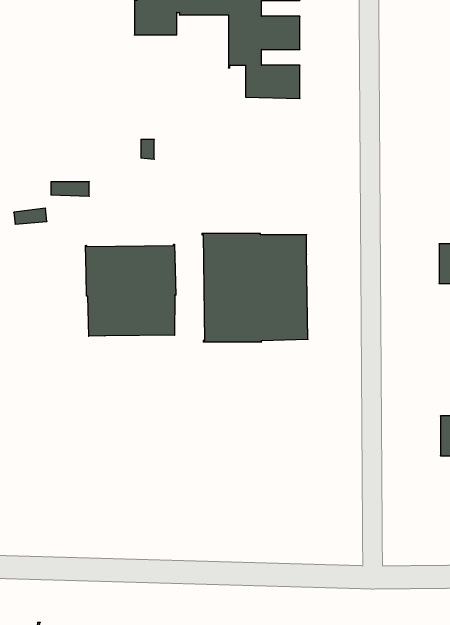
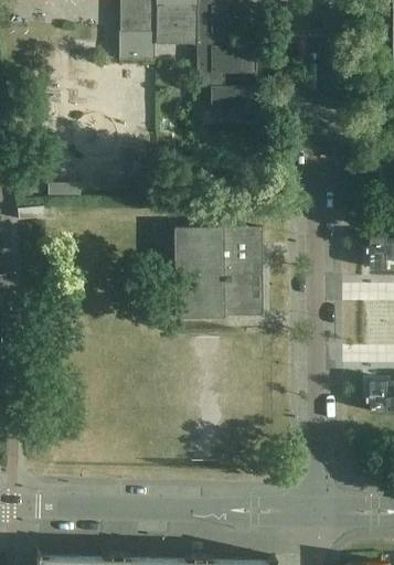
building: [85,244,176,336] -> none

